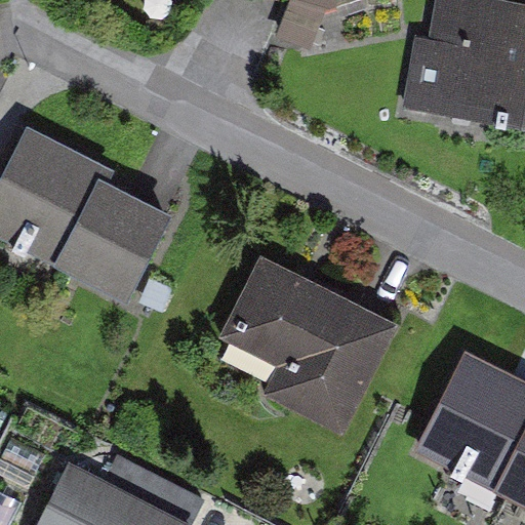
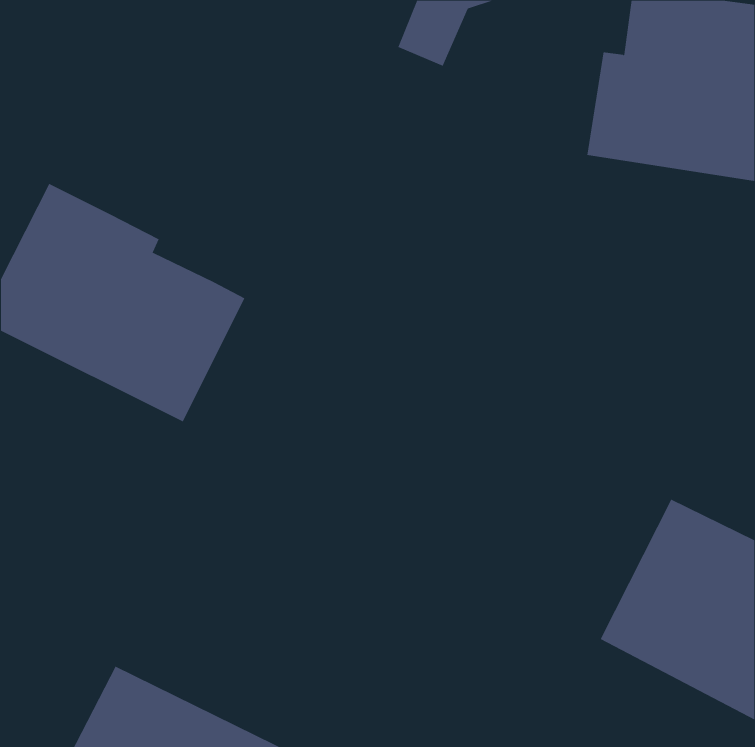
building: [216,253,395,430] -> none

